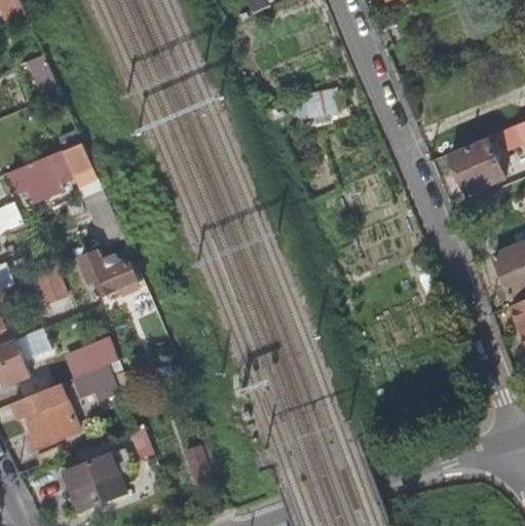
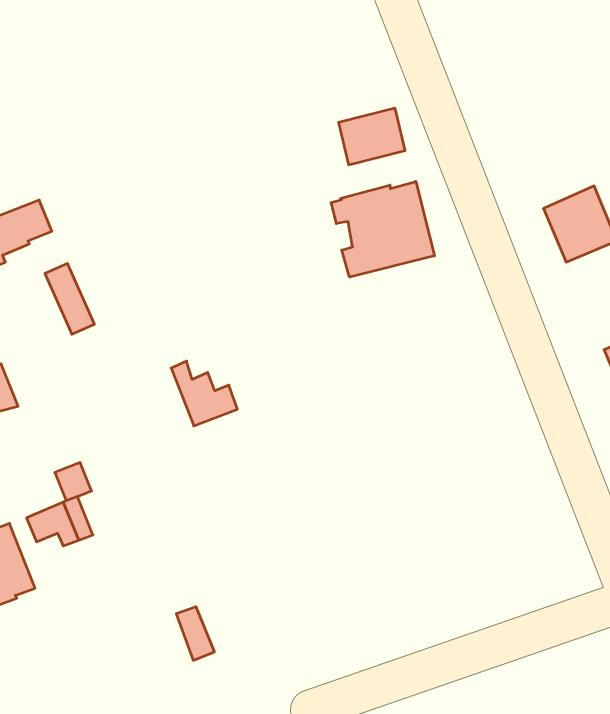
building: none -> [331,181,434,277]
building: [87,249,136,296] -> [171,361,237,426]
building: [68,446,133,509] -> none

